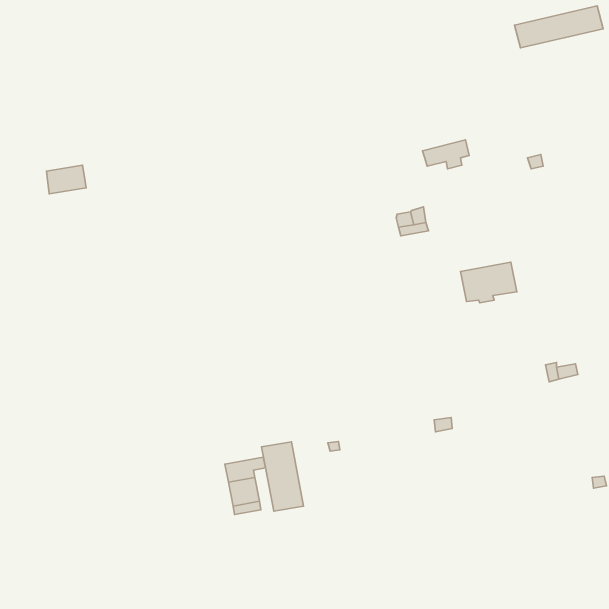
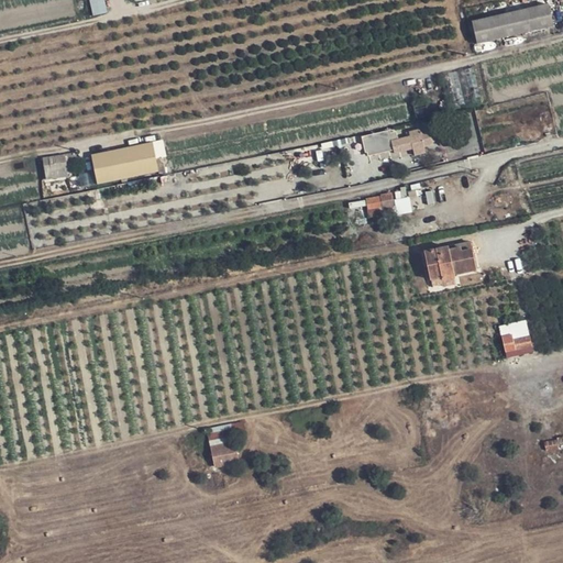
building: none -> [360,129,391,155]
building: none -> [92,141,158,183]
building: [262,442,304,511] -> none

